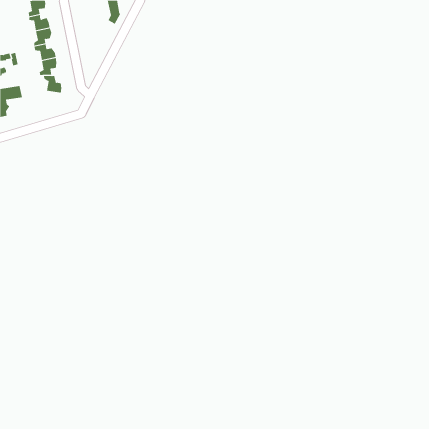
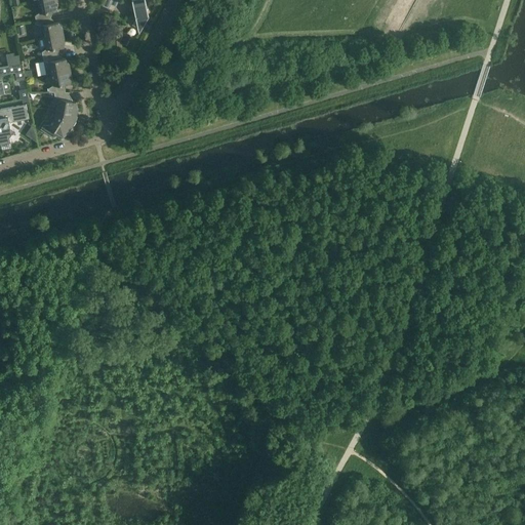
building: none -> [39,111,75,137]

